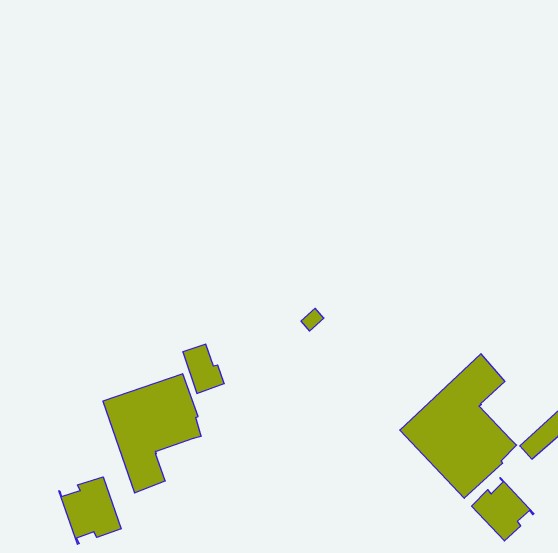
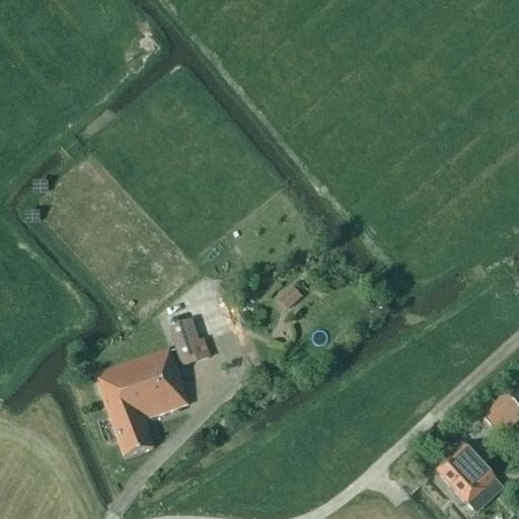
building: [400,354,517,498] -> none
building: [59,477,121,544] -> none

